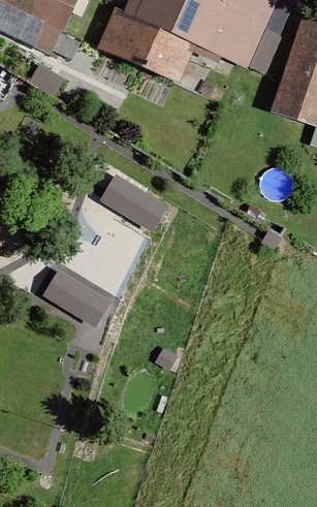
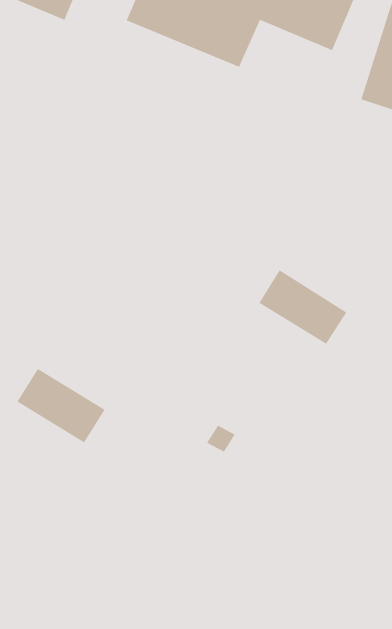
building: [100,173,166,229] -> [258,269,347,345]
building: [44,270,110,325] -> [17,368,105,443]

